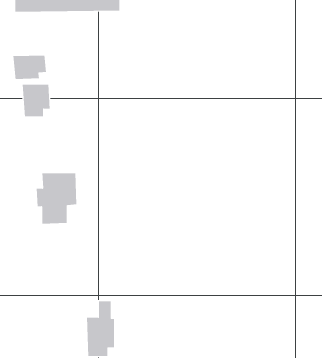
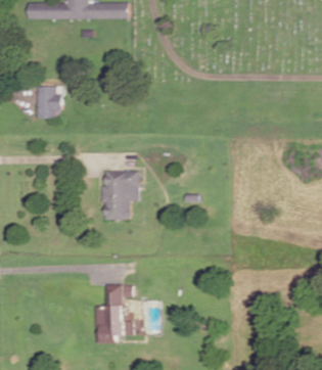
building: [13,55,46,80] -> none
building: [36,173,77,224] -> [98,172,137,220]

